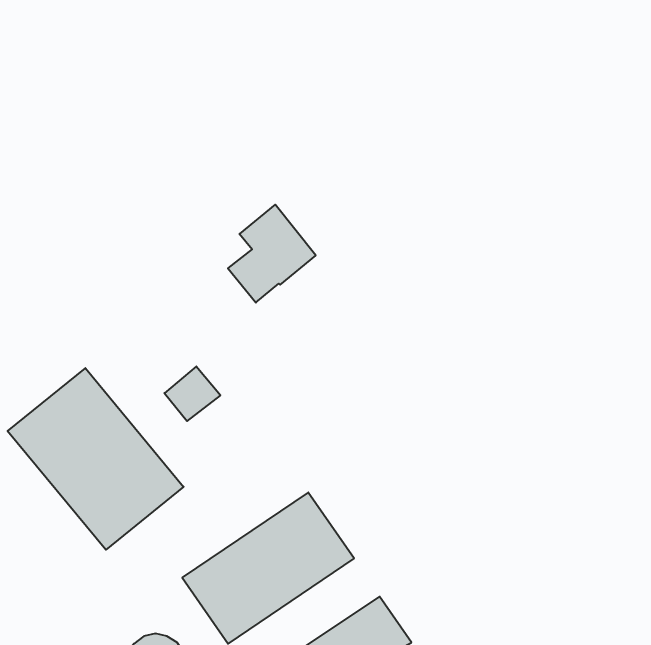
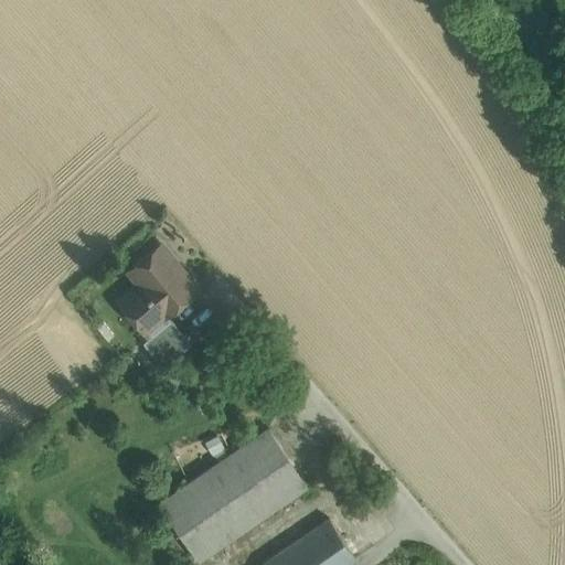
building: [228,205,316,303] -> [119,248,195,333]
building: [8,368,184,550] -> none

